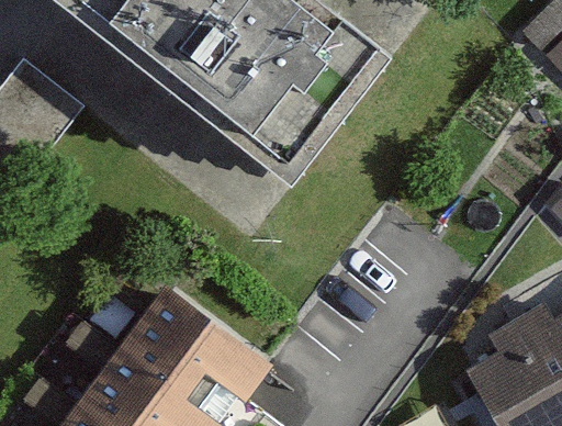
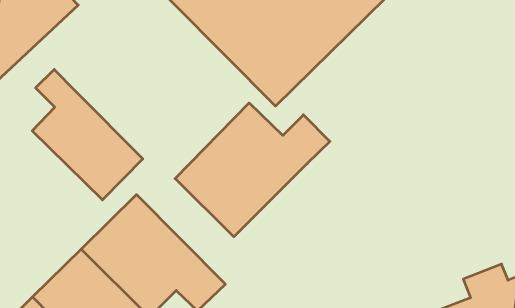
building: none -> [32,69,143,200]
building: none -> [175,103,330,237]

